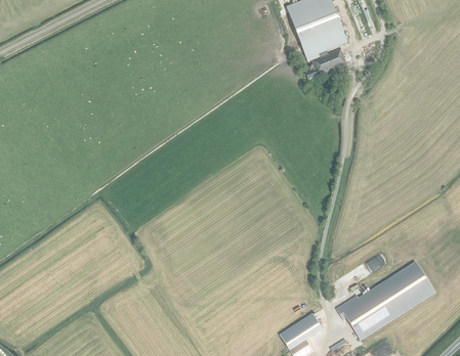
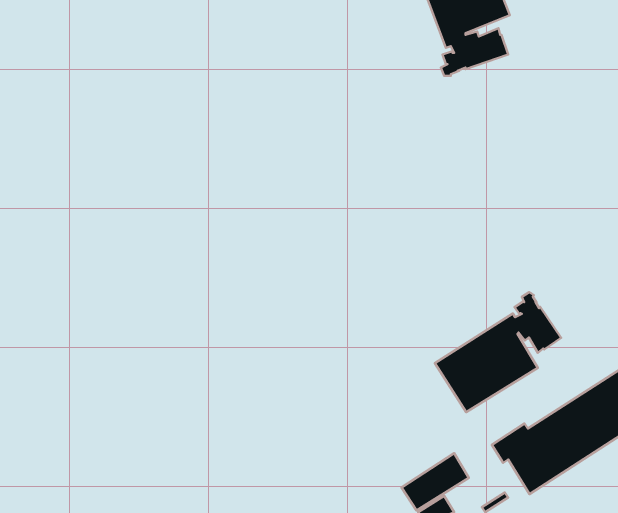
building: none -> [435,292,561,412]

